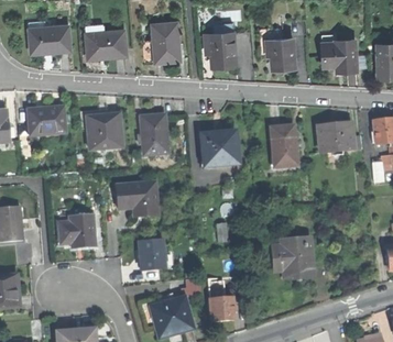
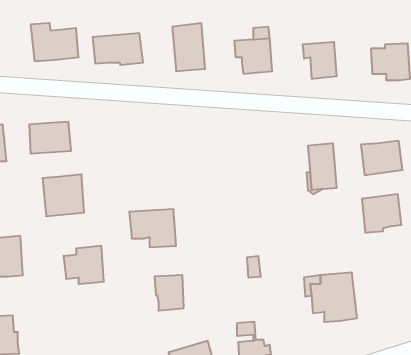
building: [85,113,121,150] -> [42,174,84,216]
building: [140,115,167,155] -> none
building: [201,131,239,166] -> none
building: none -> [362,194,401,233]

